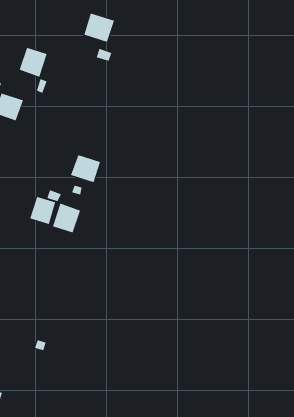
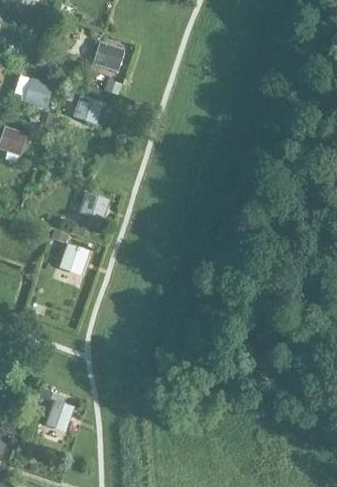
building: none -> [72,94,104,124]
building: [30,196,56,225] -> none
building: none -> [44,398,75,432]

